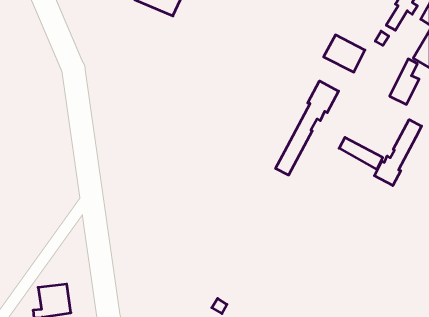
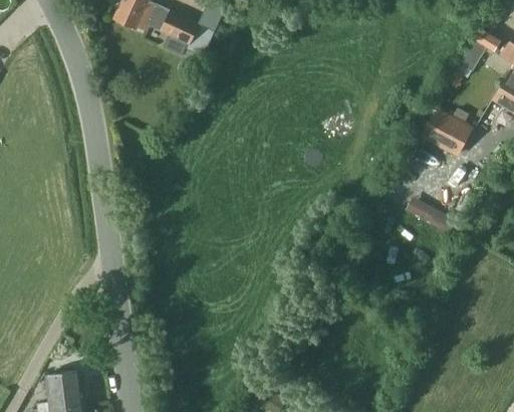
building: [324,35,365,72] -> [421,113,470,157]
building: [276,81,339,175] -> none
building: [374,120,422,186] -> none

